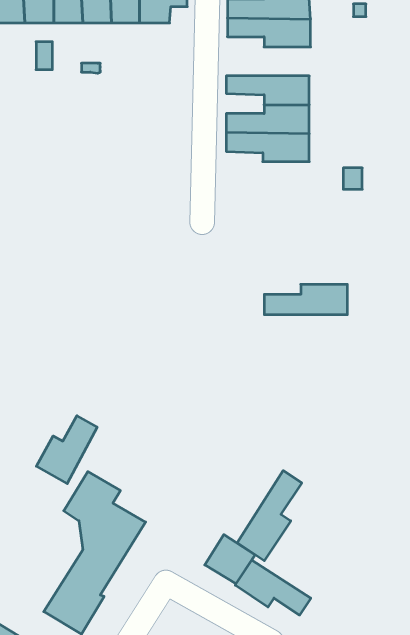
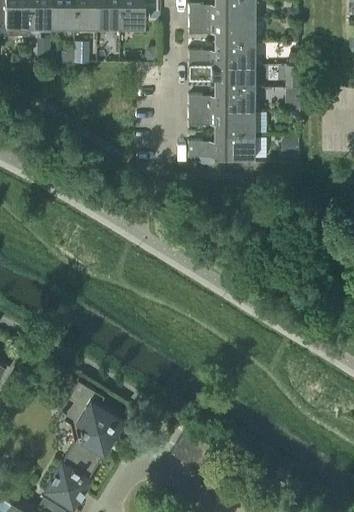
building: none -> [188,43,255,66]
building: [264,284,347,315] -> [188,134,254,158]
building: [36,416,97,484] -> none
building: [237,471,302,561] -> none
building: [235,560,311,615] -> none

